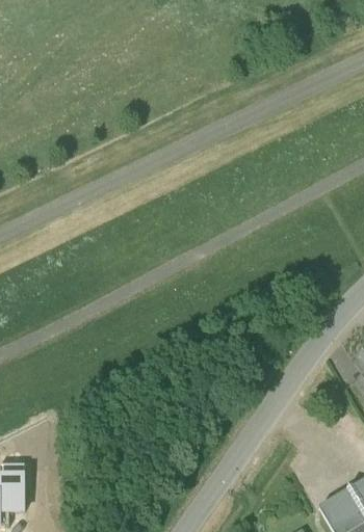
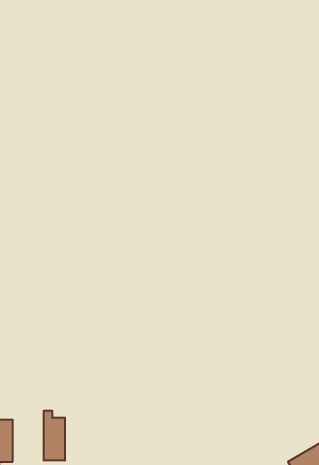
building: none -> [44,411,65,461]

